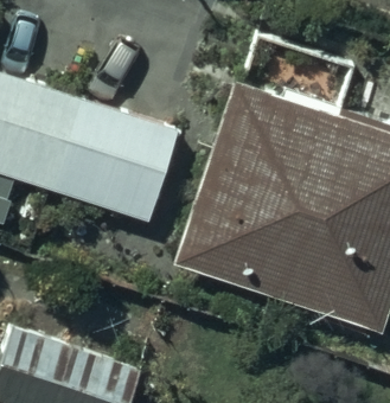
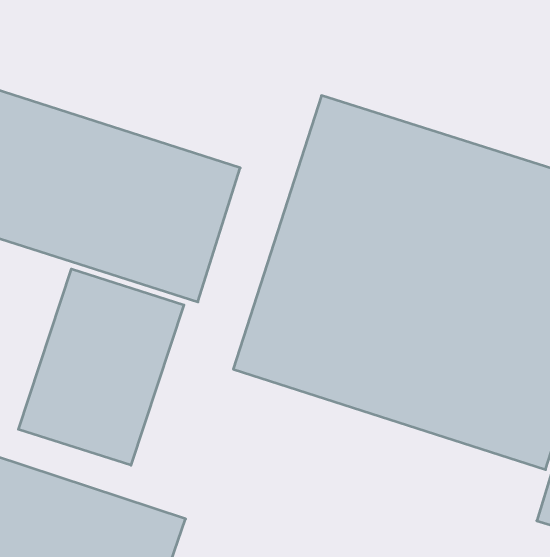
building: none -> [18,269,184,465]

